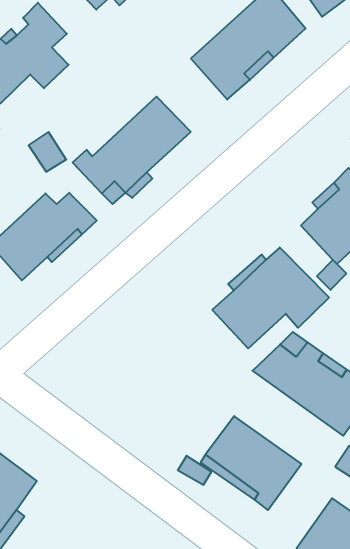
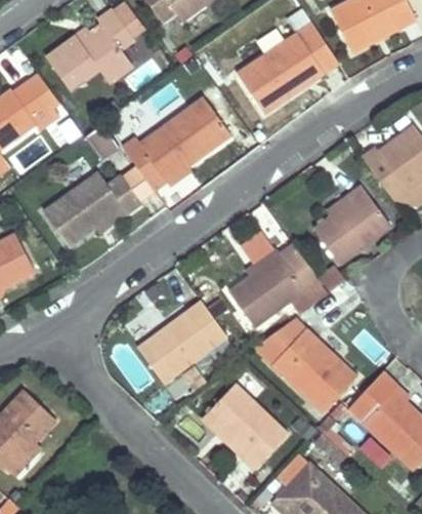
building: none -> [135,302,224,382]

